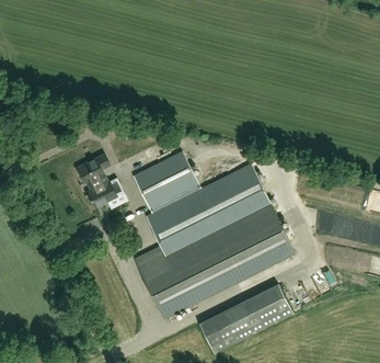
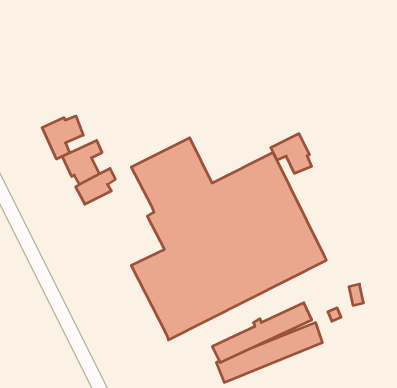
building: none -> [42,116,83,159]
building: none -> [271,134,312,173]

